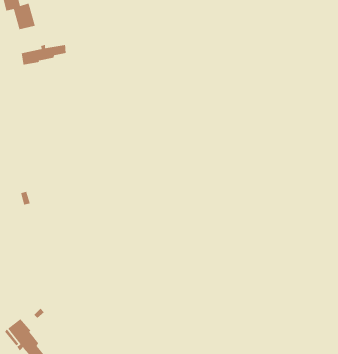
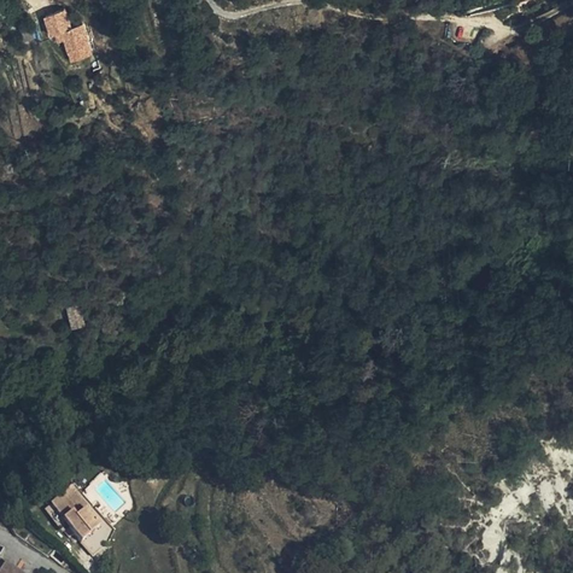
building: [21,44,66,66] -> none

